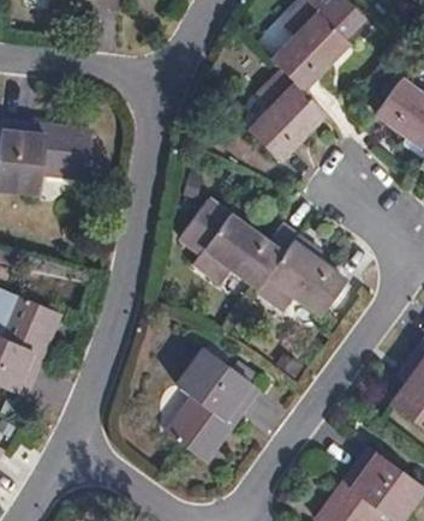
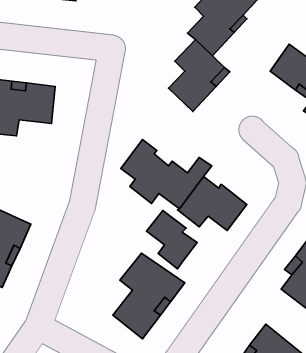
building: none -> [146,211,197,269]

